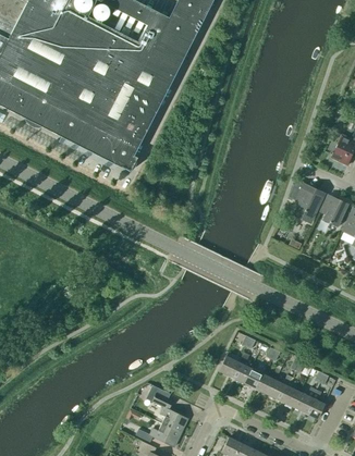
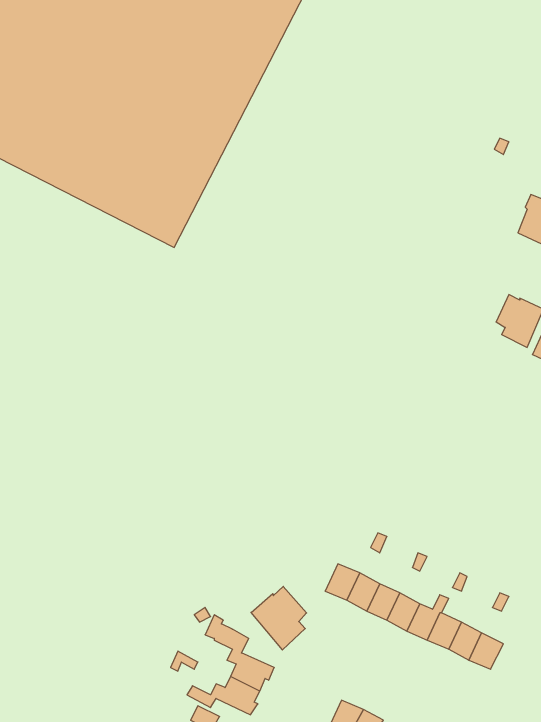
building: [296,183,325,222] -> none
building: none -> [251,586,307,650]

